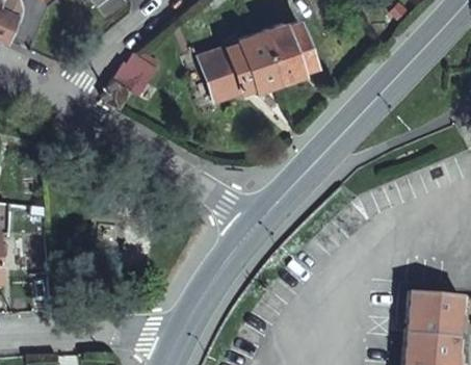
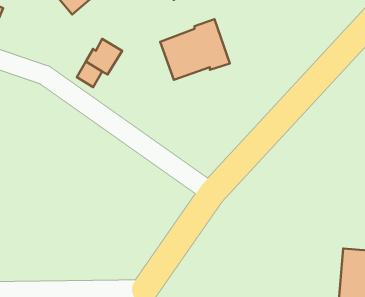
building: [261,19,315,79] -> none

